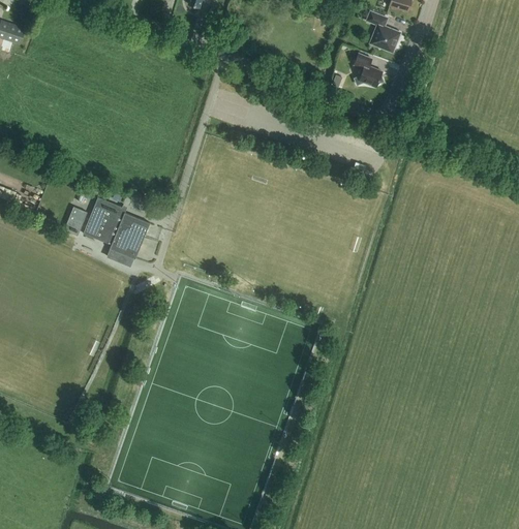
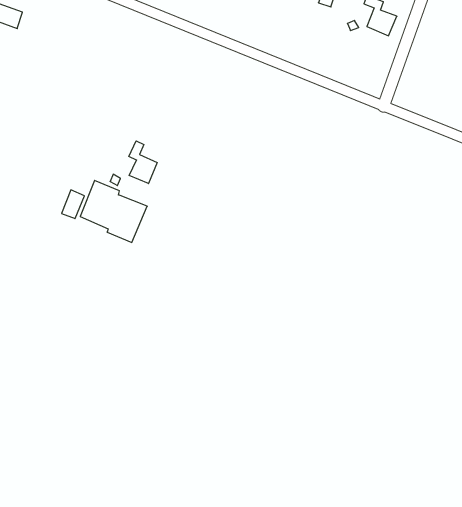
building: [354,52,381,86] -> none
building: none -> [129,141,157,184]

